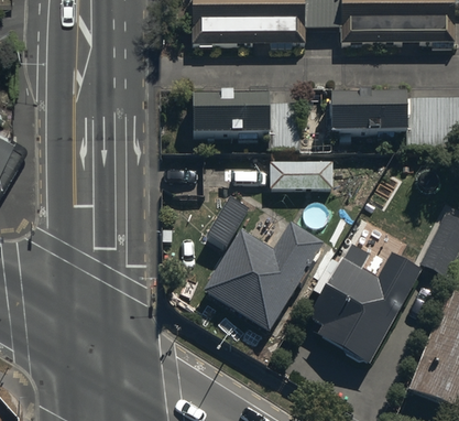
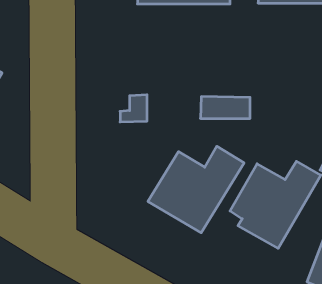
building: [334,98,408,138] -> none
building: [195,99,270,140] -> none

